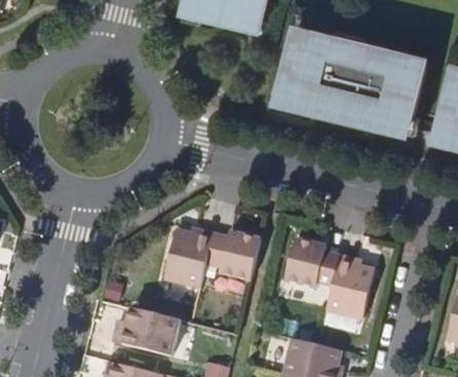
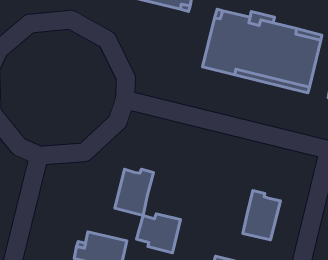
building: [205,231,261,280] -> [137,214,180,253]
building: [284,238,339,288] -> none

